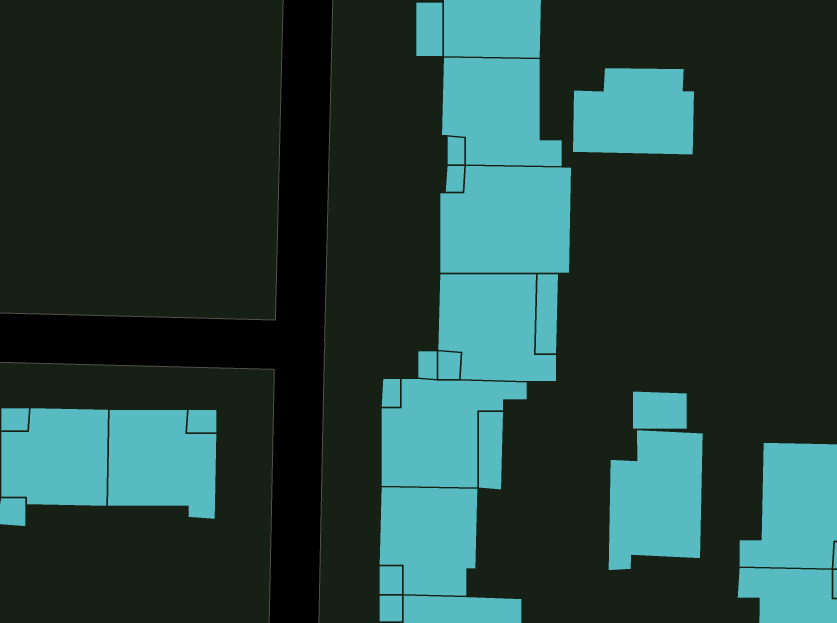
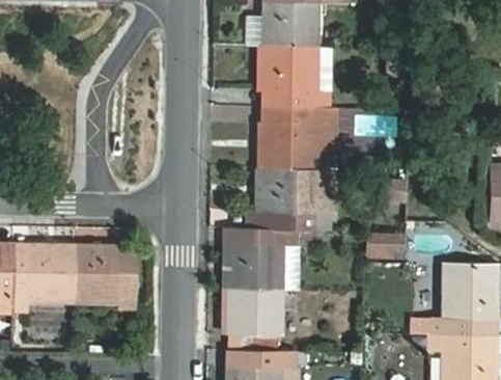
building: [572,67,695,155] -> none
building: [608,429,703,571] -> none

